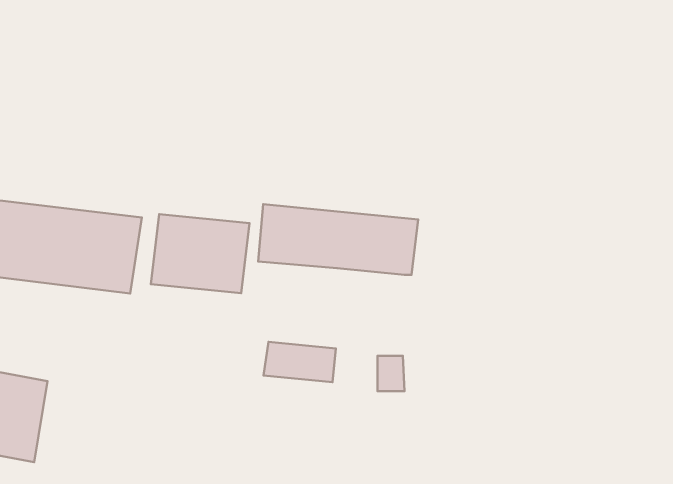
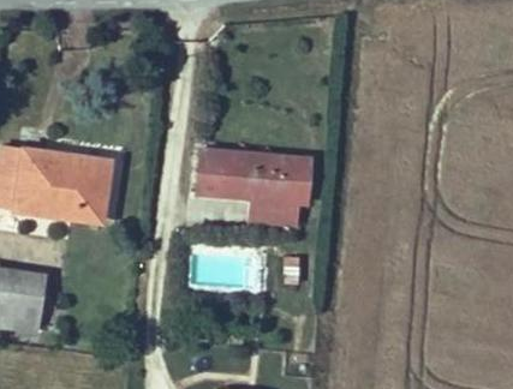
building: [151,214,249,293] -> none
building: [263,342,336,382] -> [251,196,303,225]

